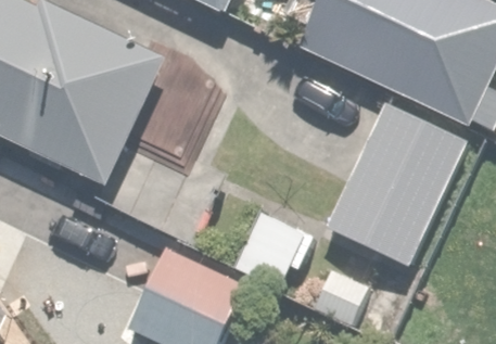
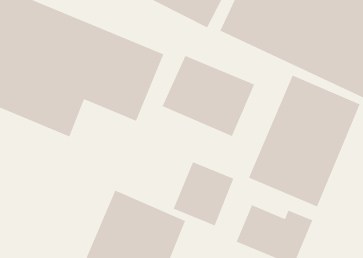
building: none -> [162,55,255,137]

